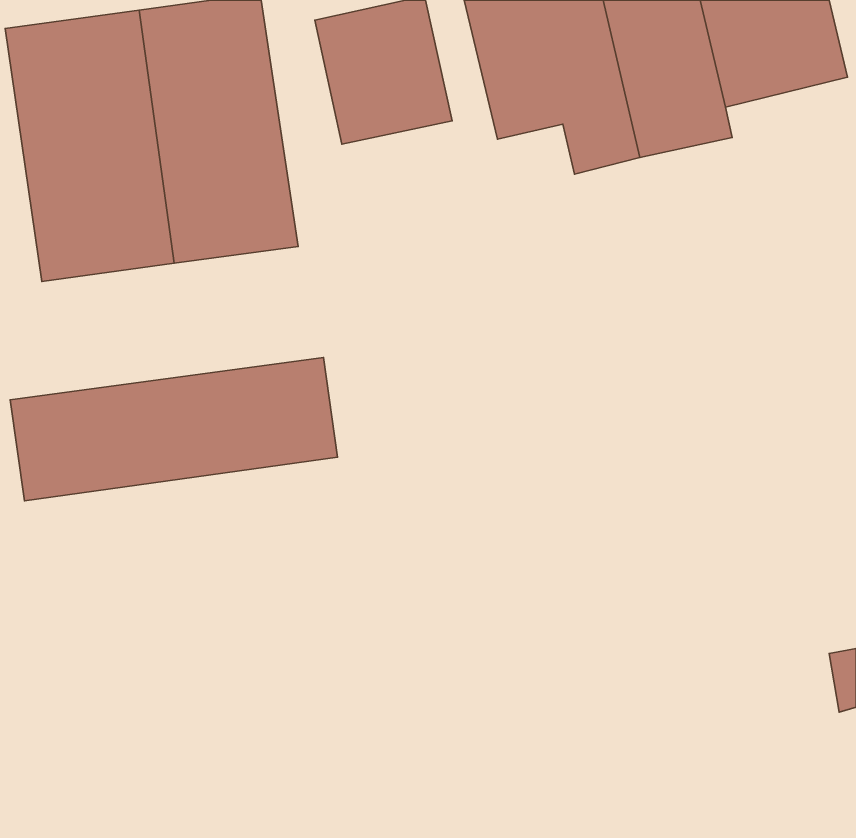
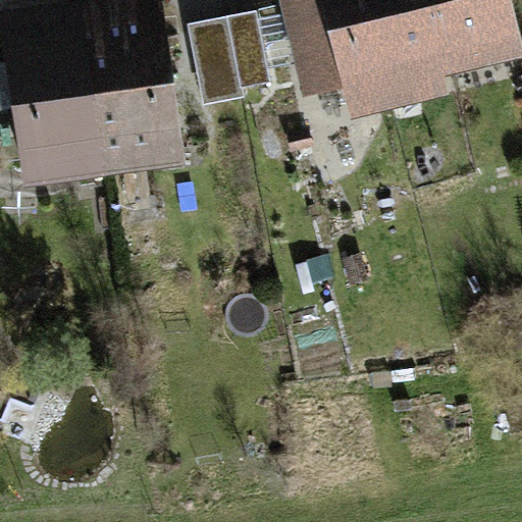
building: [10,357,338,501] -> none

